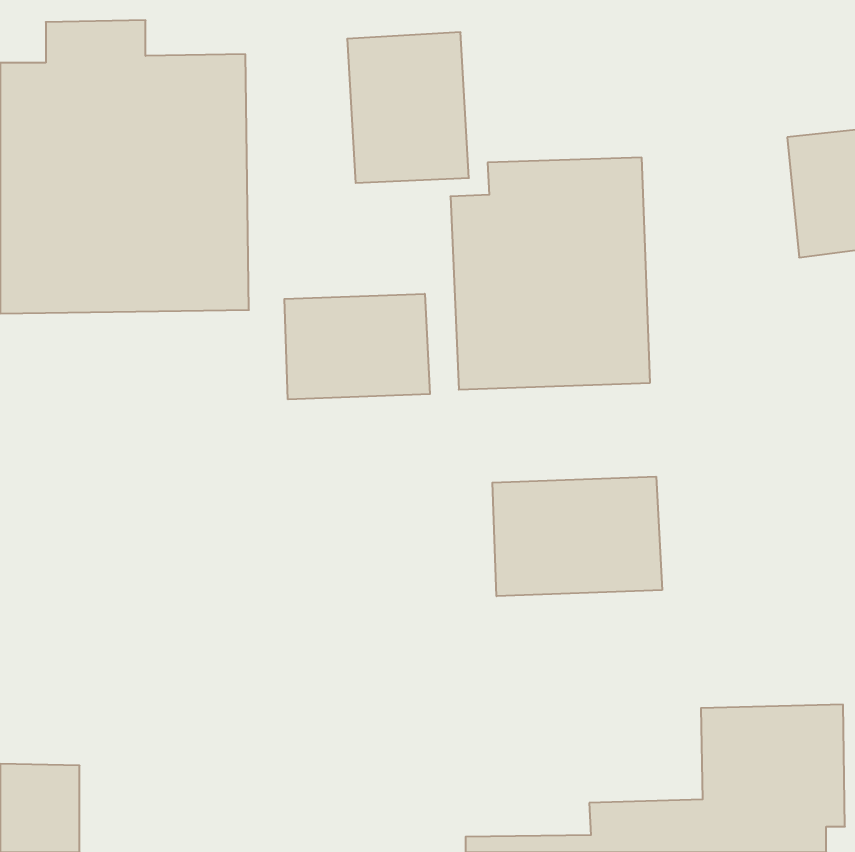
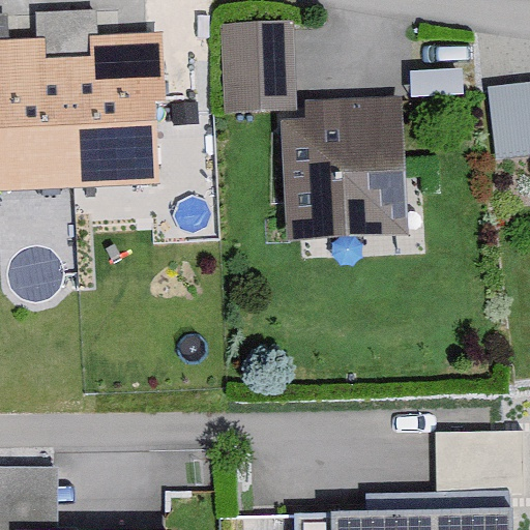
building: [284,294,430,399] -> none
building: [492,477,662,596] -> none

